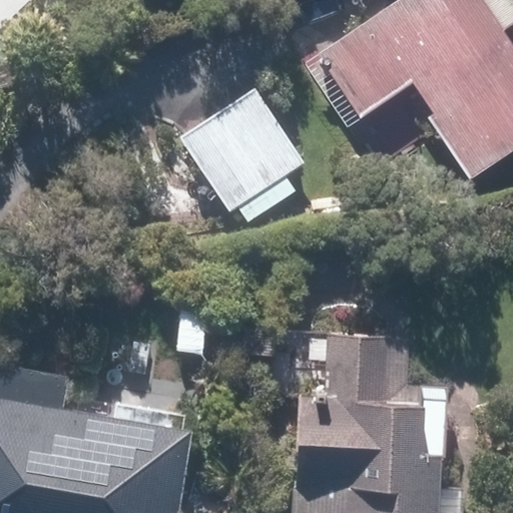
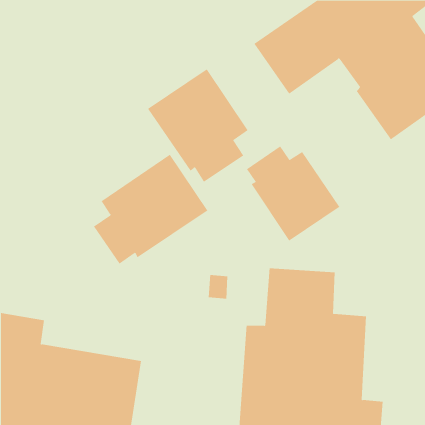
building: none -> [246,145,340,242]
building: none -> [93,154,208,265]

